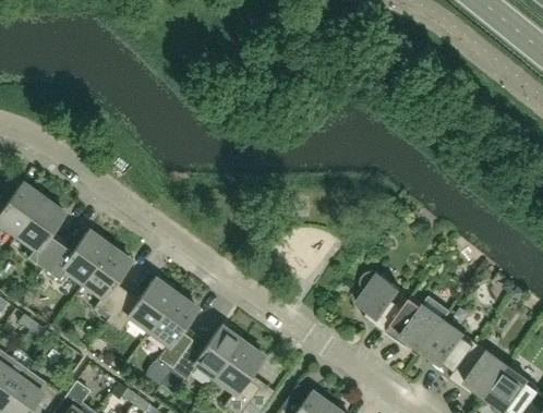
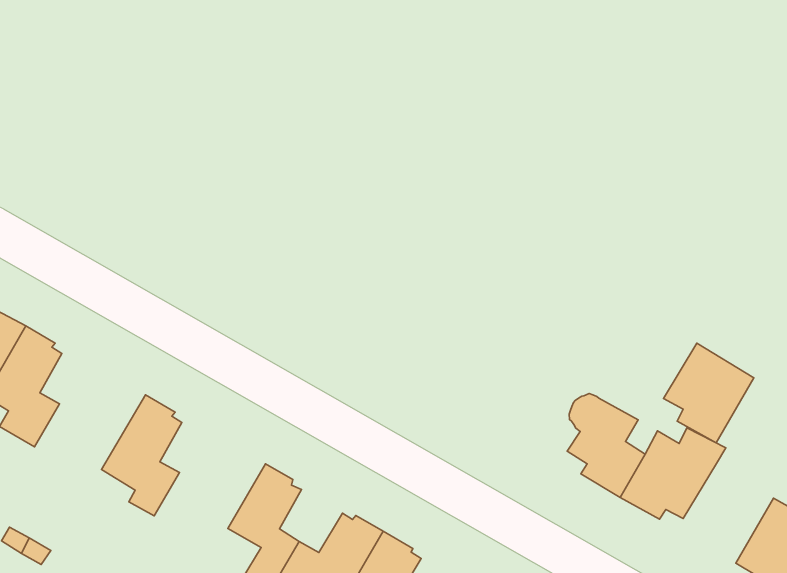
building: [44,231,112,286] -> none
building: [106,278,179,332] -> none
building: [422,319,476,379] -> [664,343,754,443]

